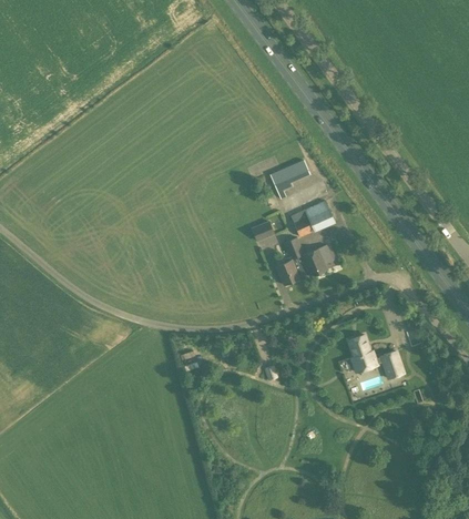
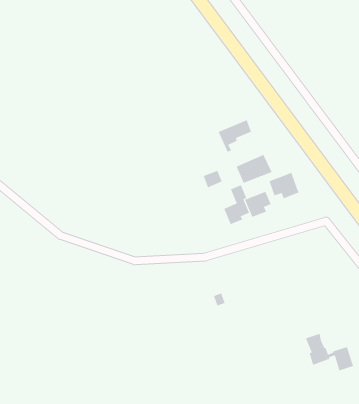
building: none -> [269,172,299,199]
building: [347,334,405,378] -> [305,333,354,371]

